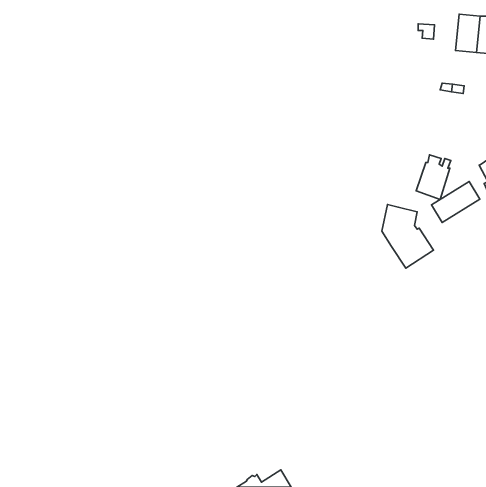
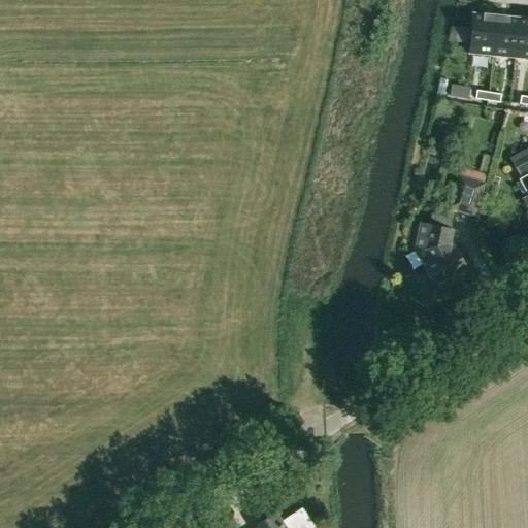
building: none -> [471,12,498,55]
building: [432,181,480,222] -> none

